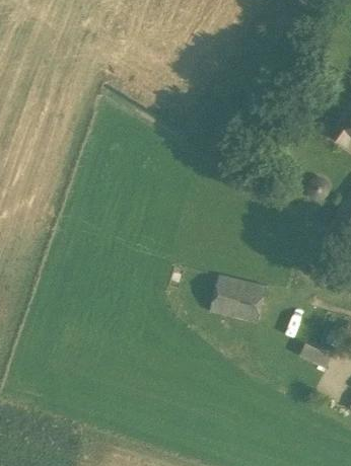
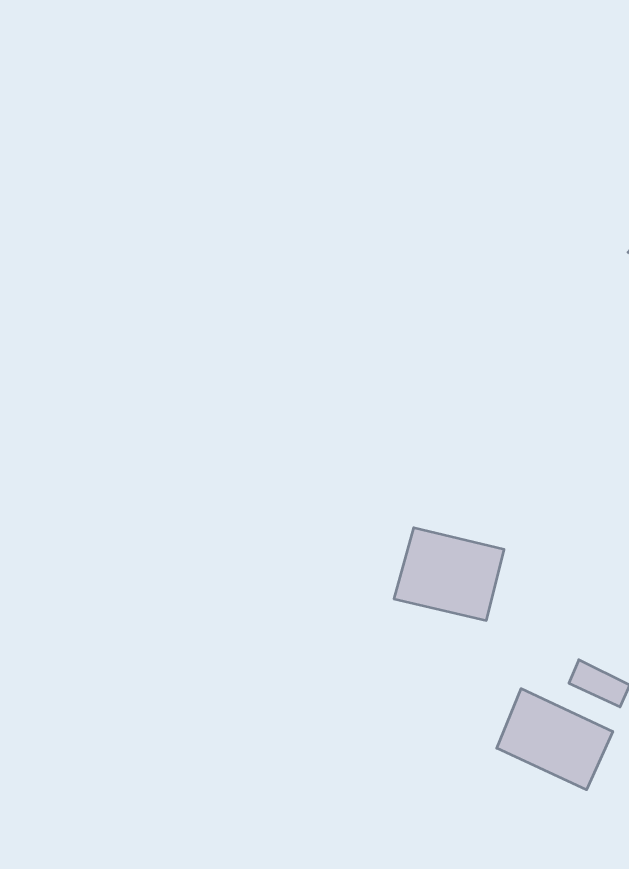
building: none -> [497,689,613,790]

